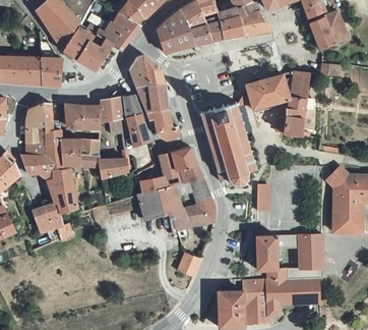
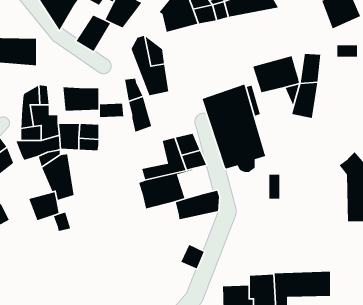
building: [63,28,95,61] -> none
building: [42,58,62,86] -> none
building: [101,97,128,120] -> none
building: [147,109,180,140] -> none
building: [100,159,128,177] -> none
building: [189,178,212,206] -> none
building: [256,235,322,280] -> none

